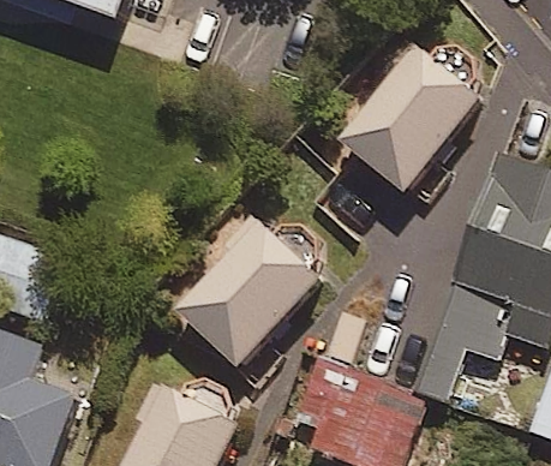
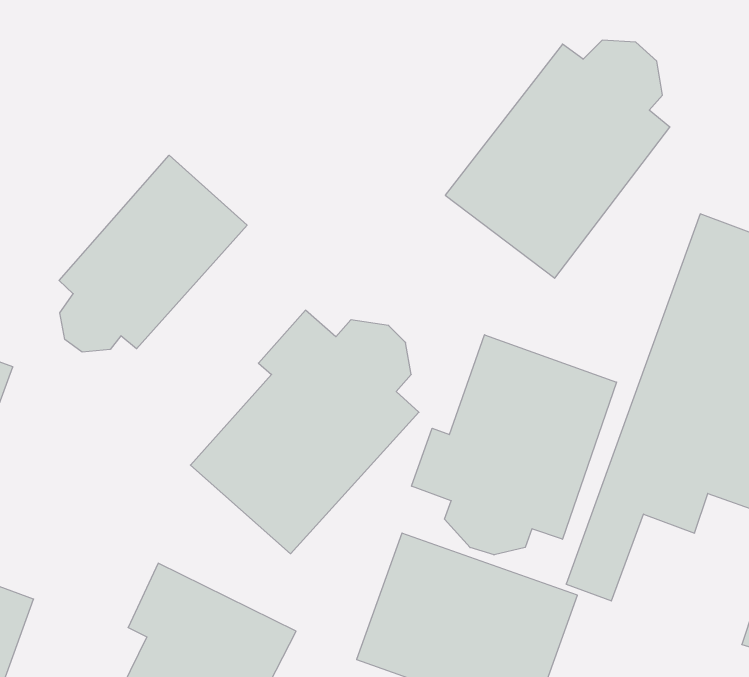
building: none -> [59,155,247,352]
building: none -> [412,335,617,555]

